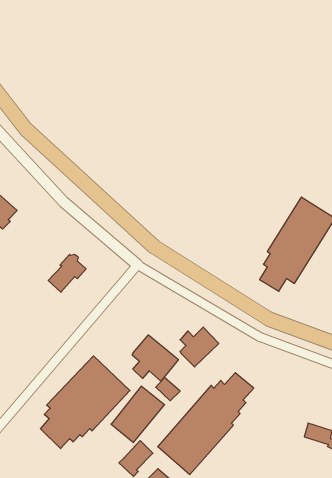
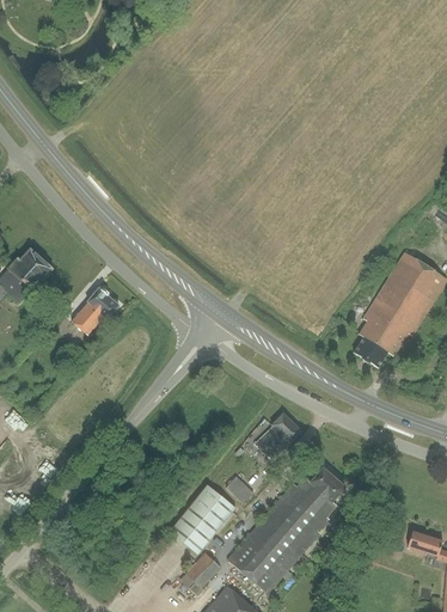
building: [48,254,86,292] -> [72,288,118,335]
building: [132,335,178,381] -> none
building: [40,356,130,449] -> none

